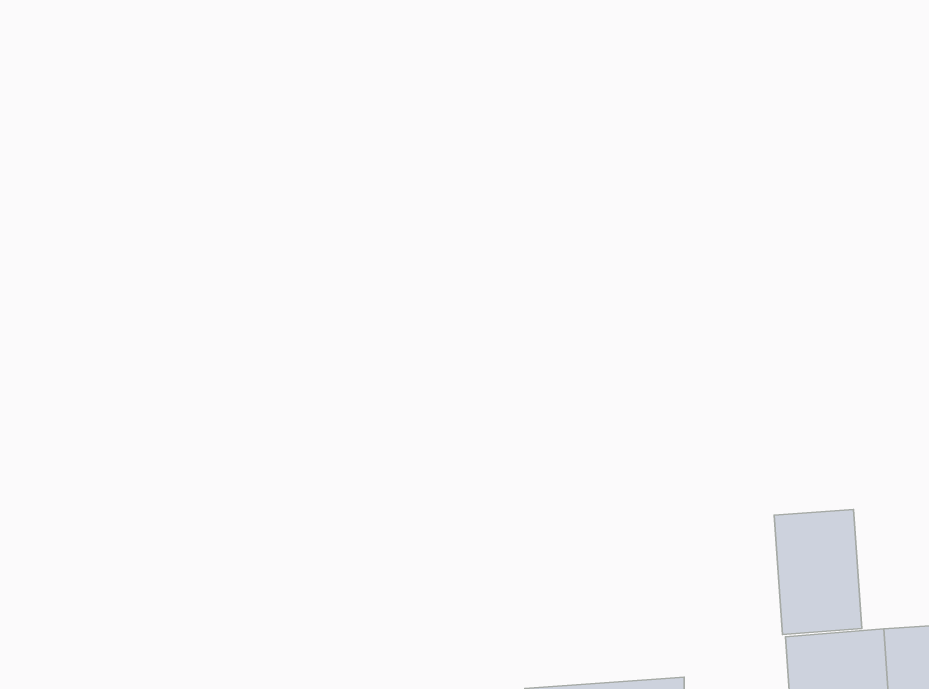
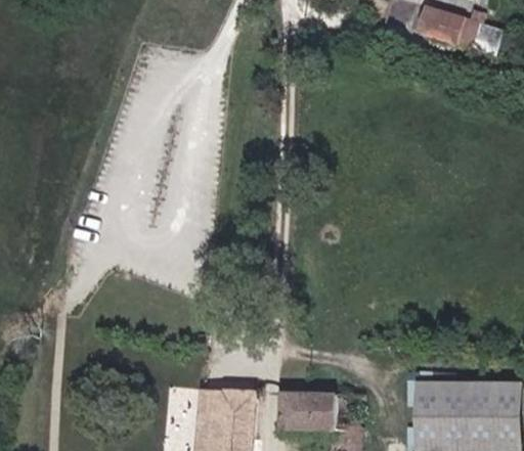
building: [774,509,862,634] -> none

